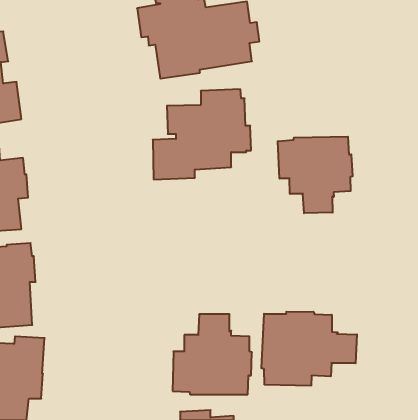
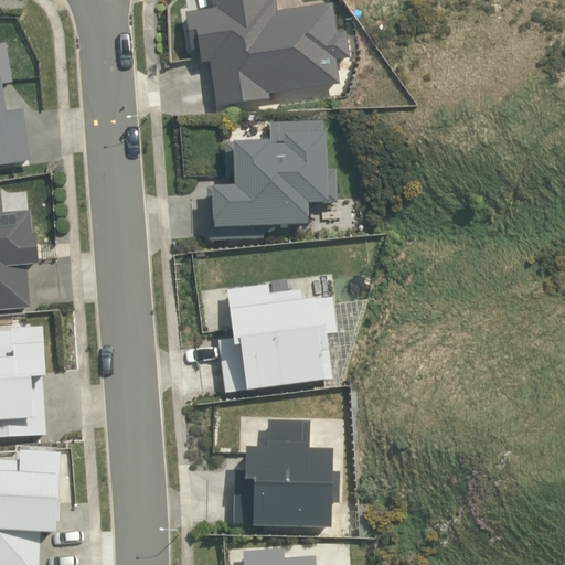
building: [278,137,353,213] -> none
building: none -> [216,282,334,392]
building: [261,312,357,386] -> none

